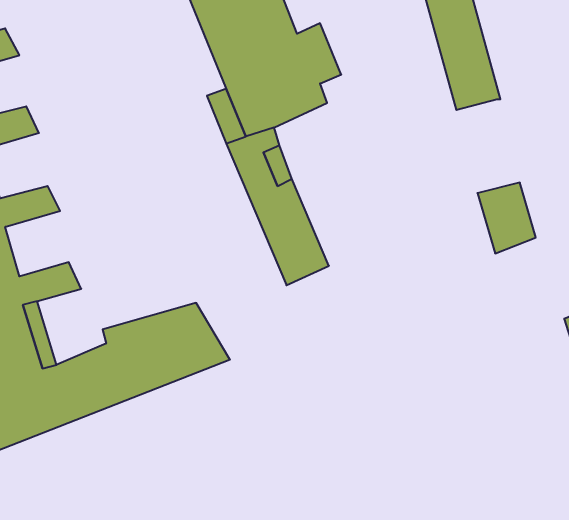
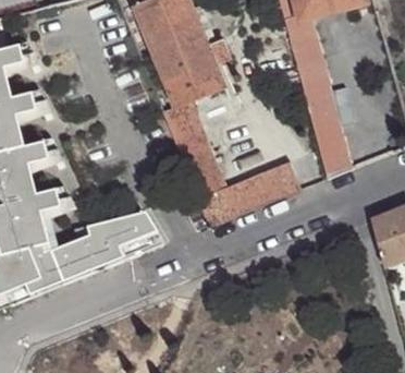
building: none -> [305,83,344,141]
building: none -> [200,158,307,225]

